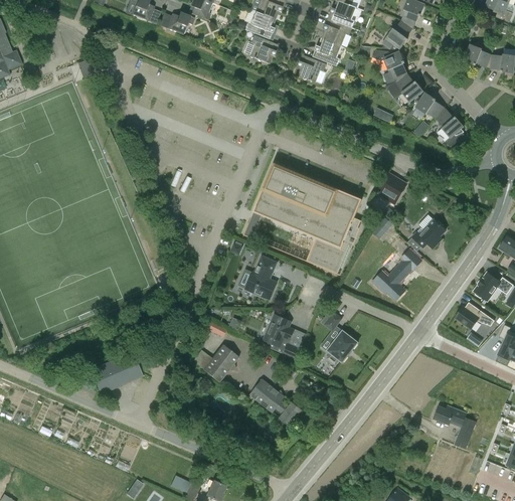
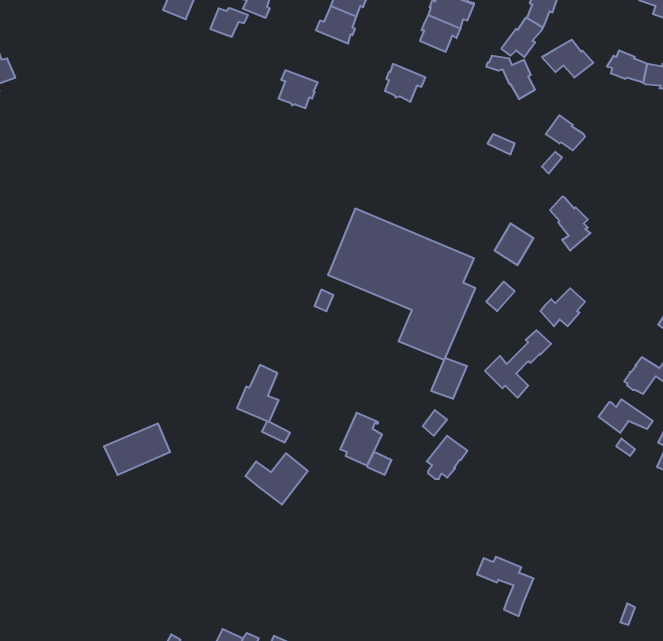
building: [248,34,278,62] -> [278,70,318,108]
building: [313,36,341,65] -> none
building: [385,72,423,101] -> [542,40,593,78]
building: [436,108,466,148] -> [550,197,591,251]
building: [245,255,277,297] -> [237,365,279,422]
building: none -> [431,358,467,399]
building: [92,353,141,391] -> [104,424,170,475]
building: [250,377,302,424] -> none
building: [434,404,476,449] -> [477,557,534,616]

